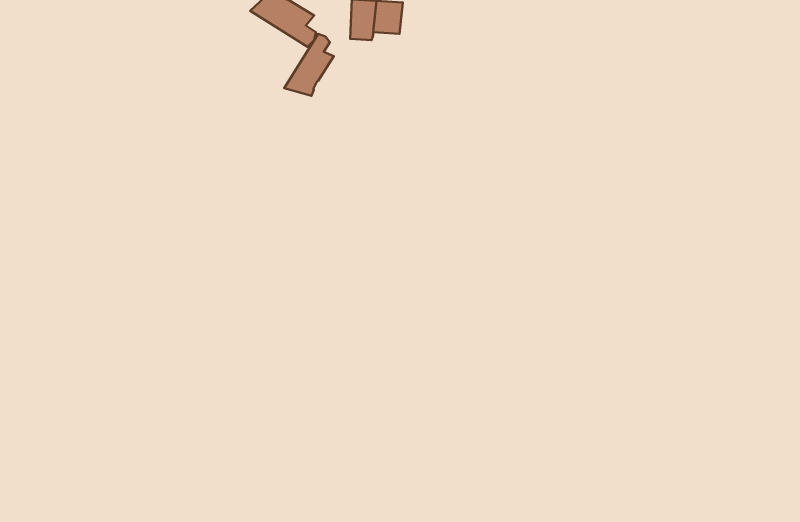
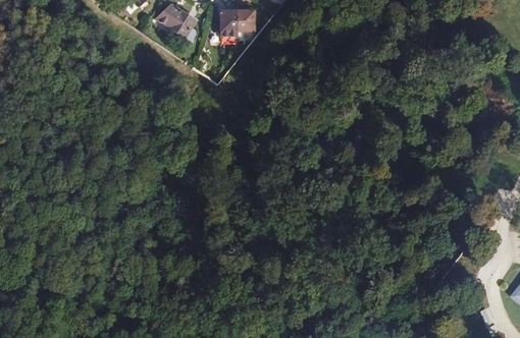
building: [284,34,334,96] -> none

